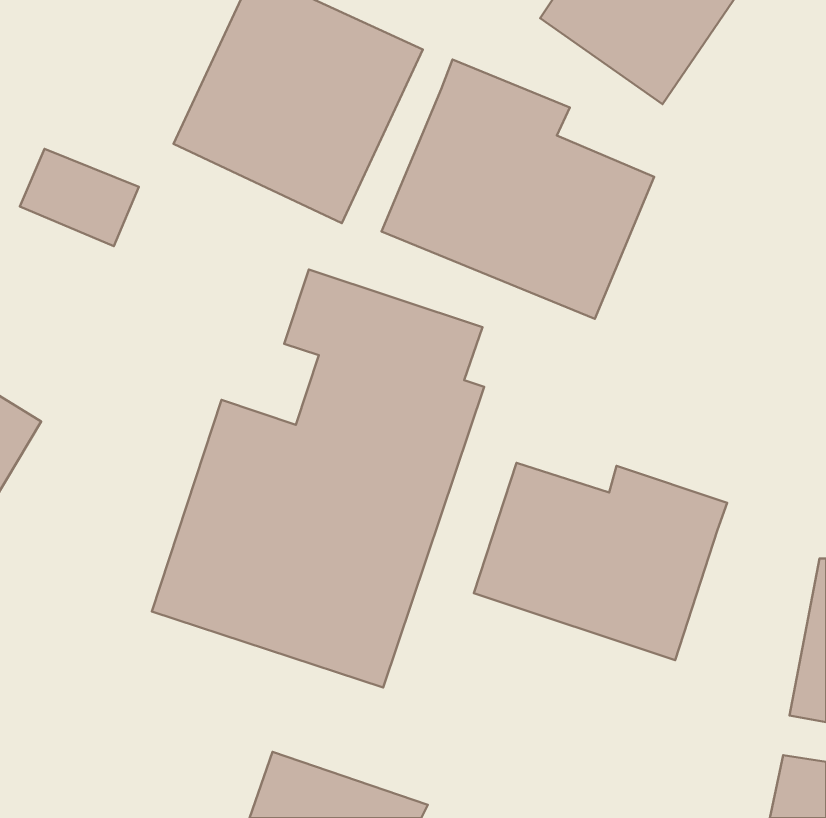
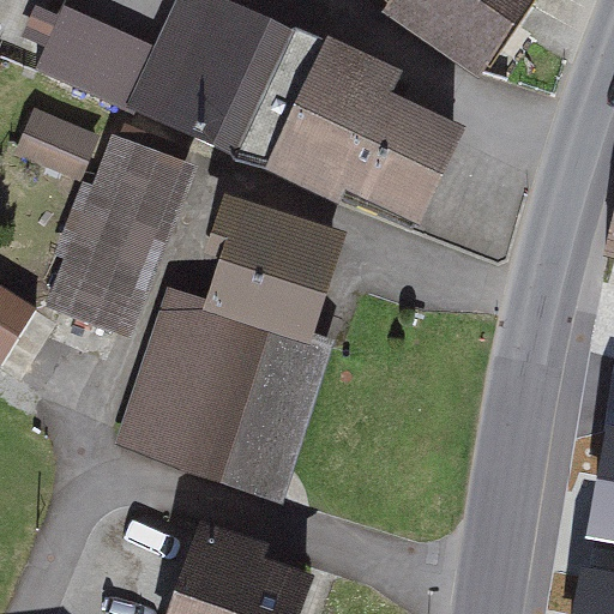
building: none -> [34,6,146,103]
building: none -> [40,133,194,338]
building: [474,463,727,660] -> none

